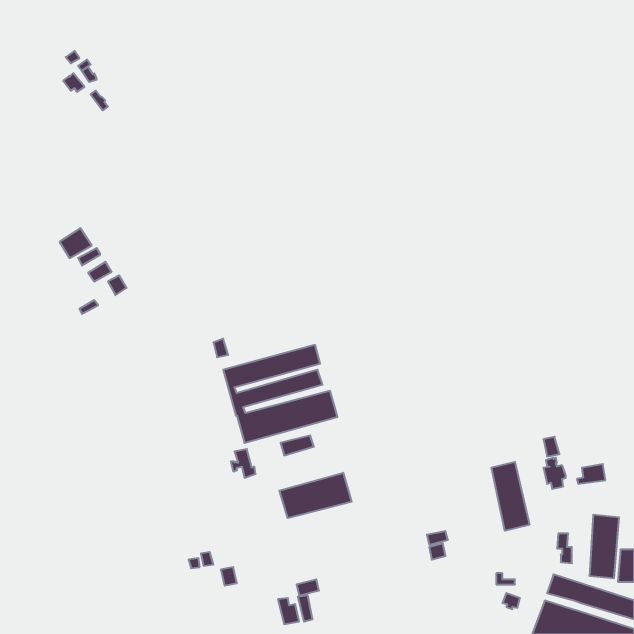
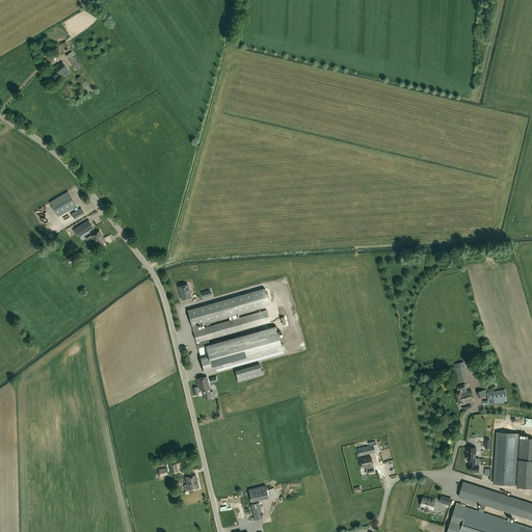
building: [491,462,529,531] -> none
building: [279,473,352,518] -> none

